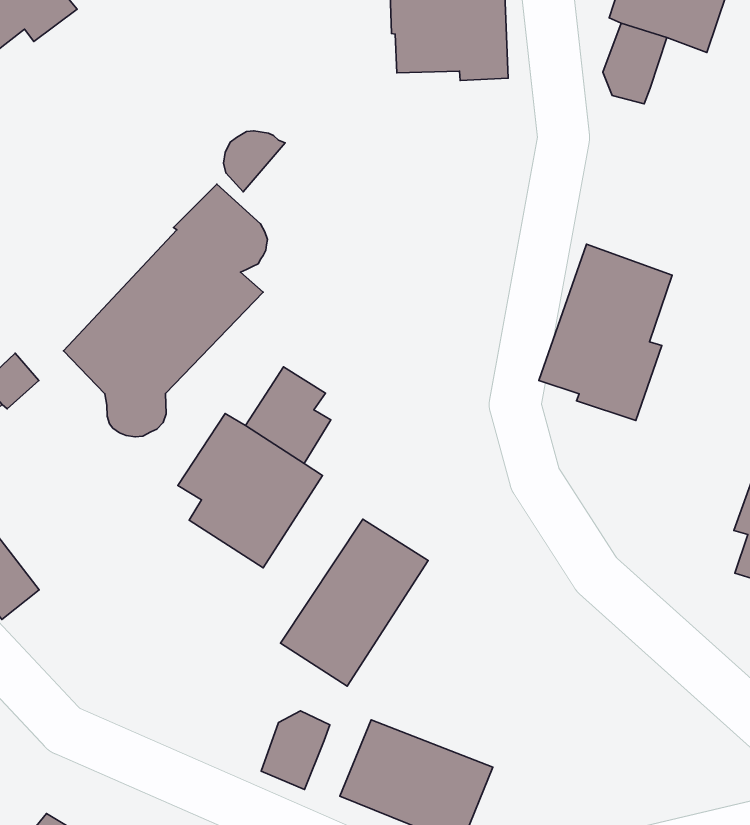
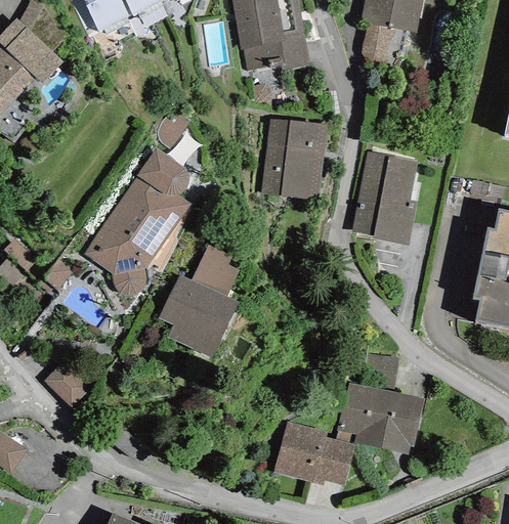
building: none -> [260,117,327,199]
building: [281,519,428,686] -> none
building: none -> [337,390,423,455]
building: [261,711,330,789] -> none

